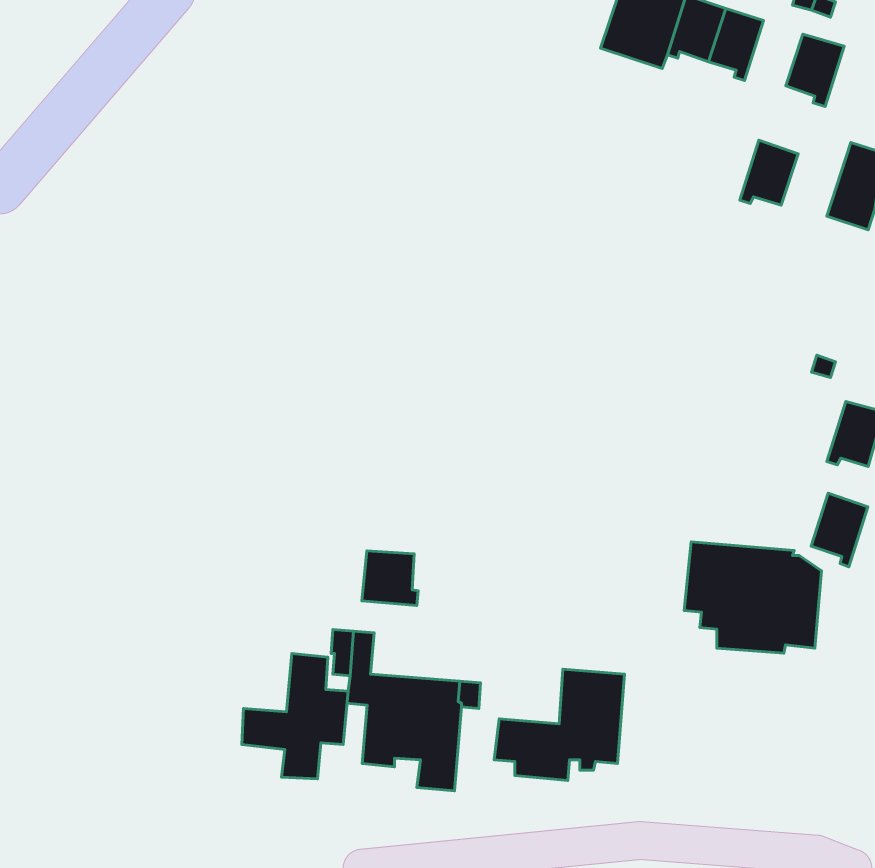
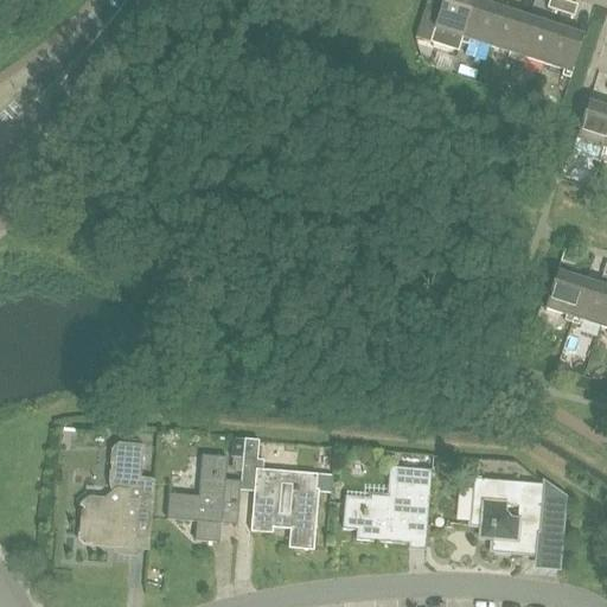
building: [740,140,798,205] -> [516,14,556,59]
building: [811,493,868,567] -> [547,268,586,319]
building: [684,542,822,653] -> [471,474,566,551]
building: [362,551,418,606] -> none
building: none -> [79,439,156,547]

